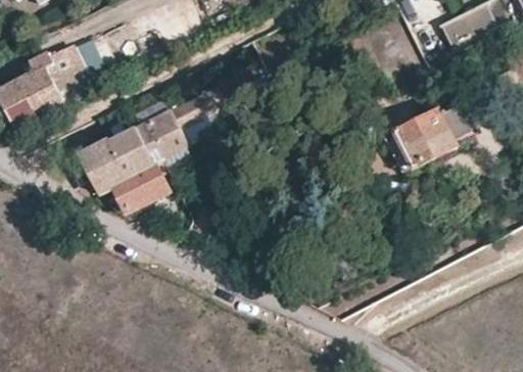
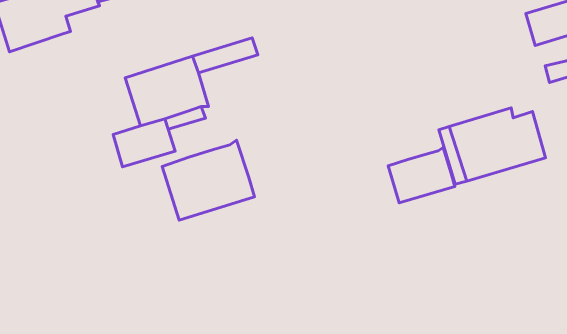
building: [80,135,135,191] -> none
building: none -> [388,148,455,203]
building: none -> [162,140,254,220]

